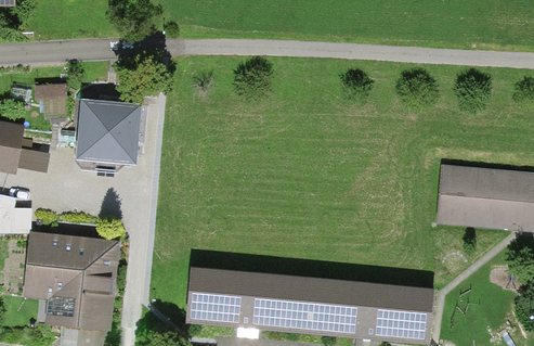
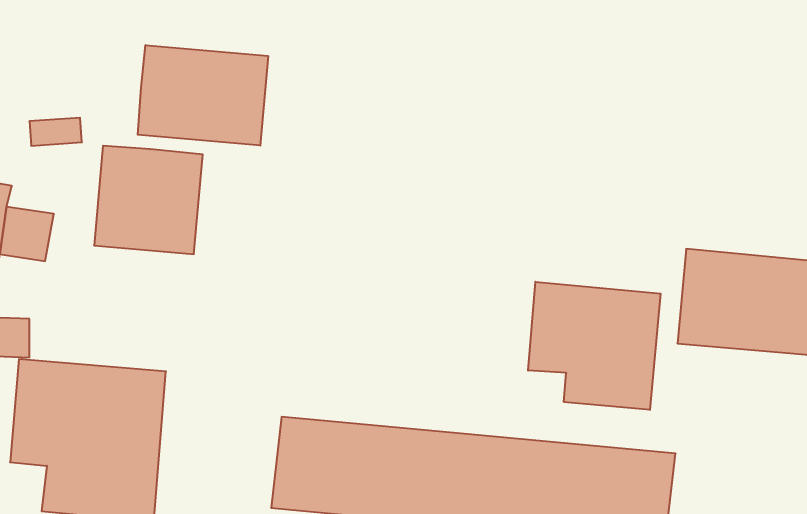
building: none -> [138,45,268,146]
building: none -> [528,282,661,410]

